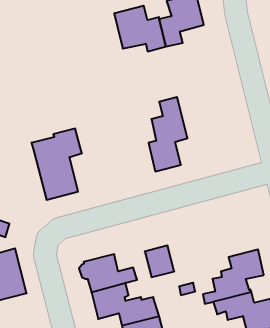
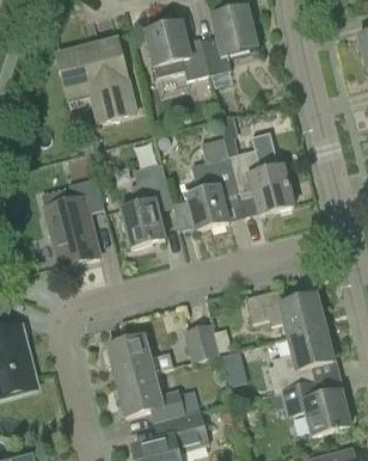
building: none -> [56,38,136,123]
building: none -> [220,116,294,215]
building: none -> [121,161,173,247]
building: none -> [245,287,325,337]

